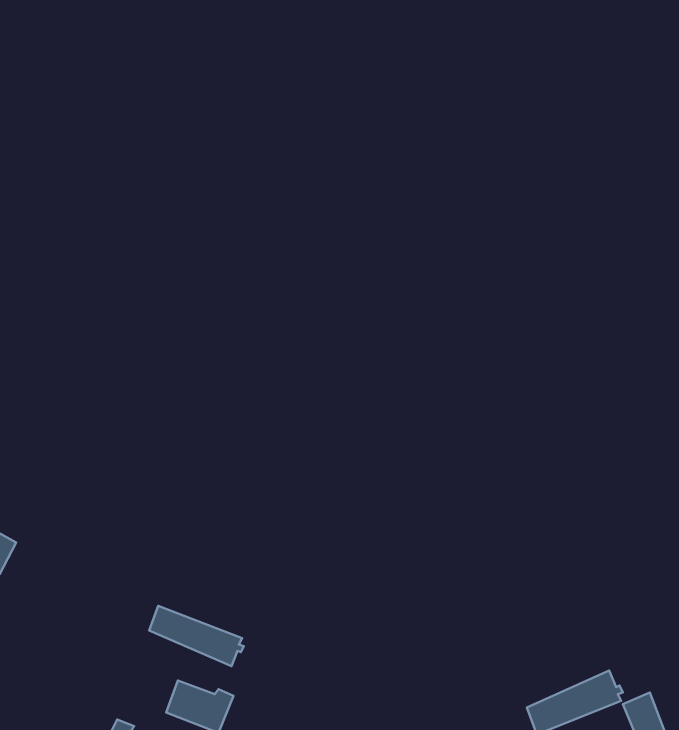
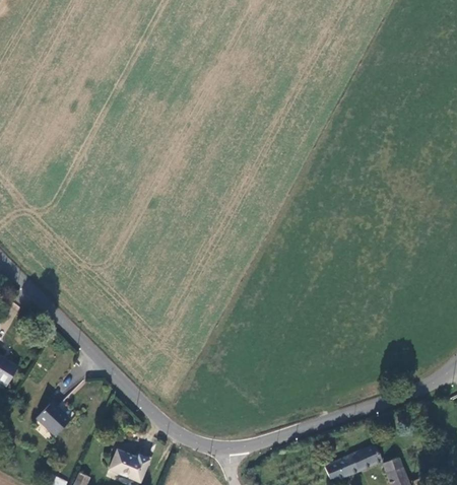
building: none -> [36,402,69,437]
building: [149,606,244,666] -> none

